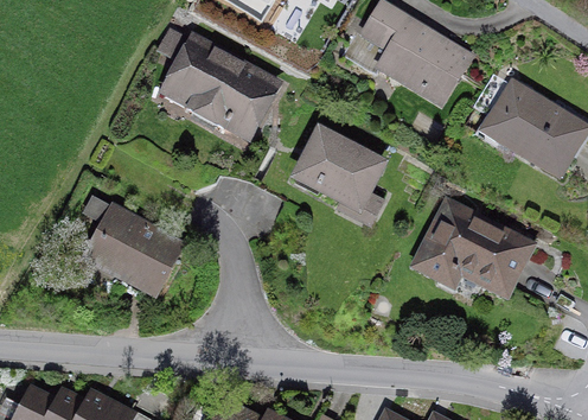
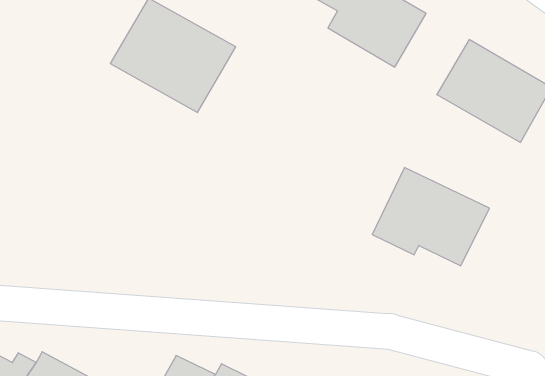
building: [294,128,389,214] -> none
building: [85,204,188,299] -> none

